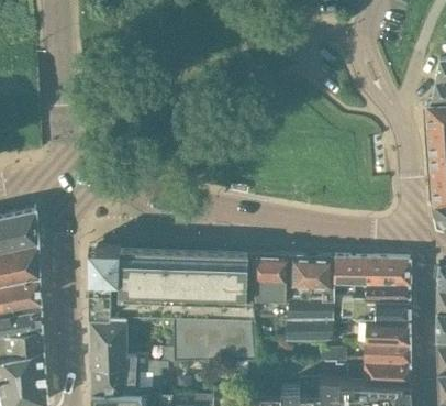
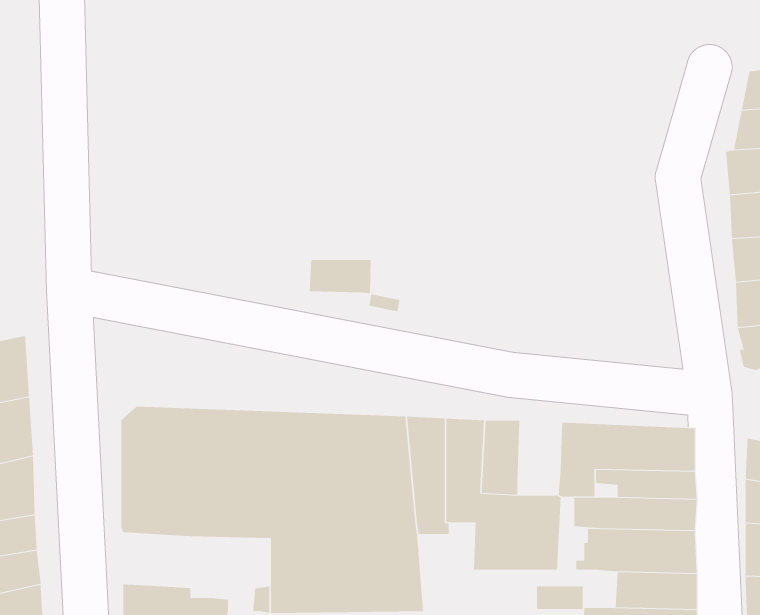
building: none -> [309,259,371,294]
building: [311,256,335,298] -> none
building: [89,319,129,350] -> none

